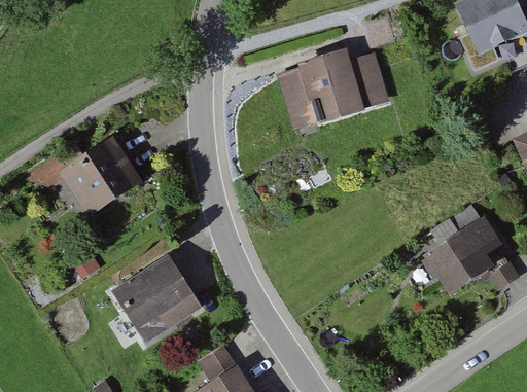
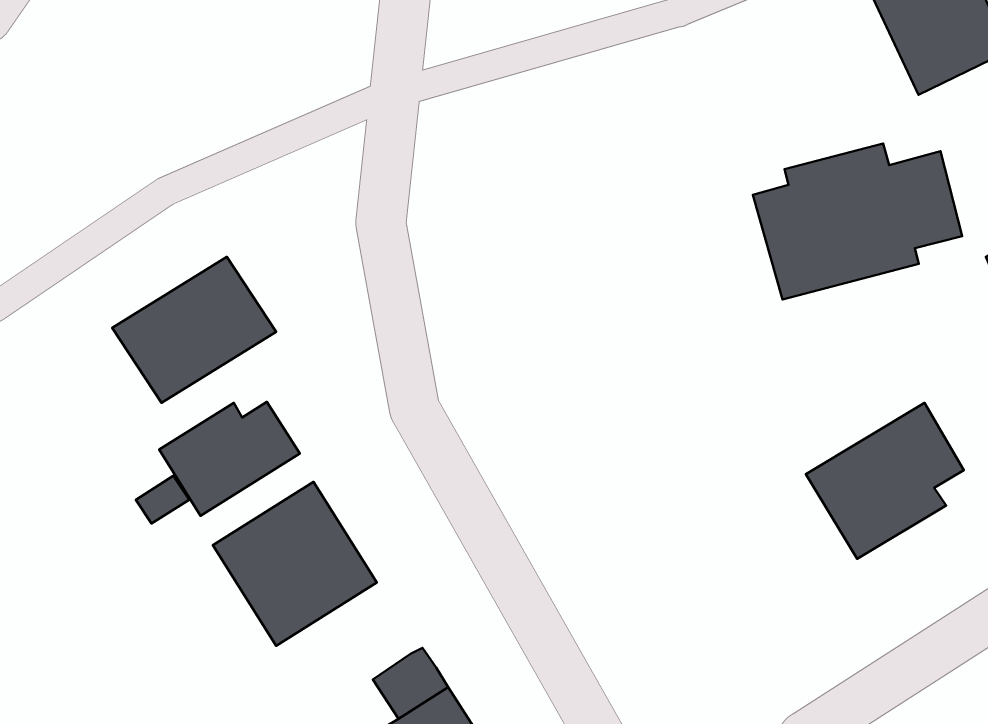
building: [282,47,391,129] -> [753,143,962,299]
building: none -> [159,402,300,516]

